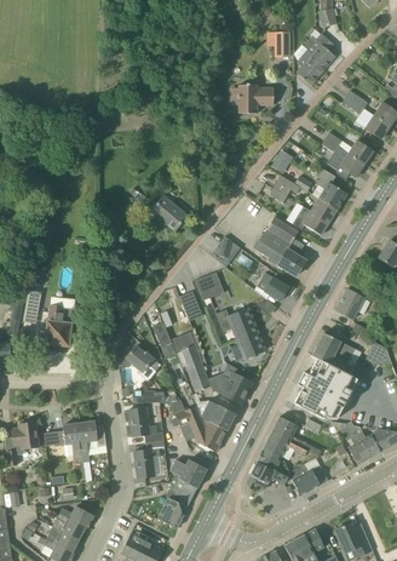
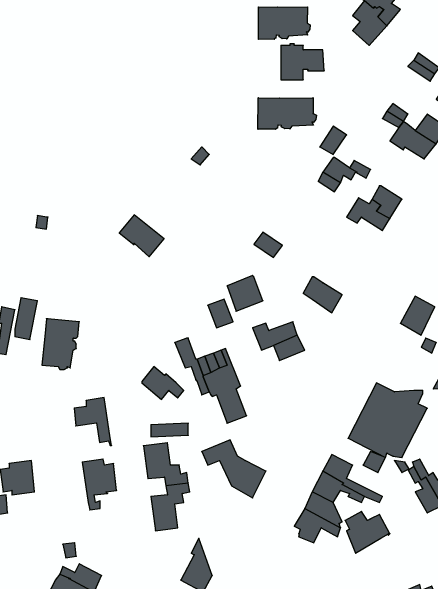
building: none -> [258,7,310,39]
building: none -> [258,98,316,129]
building: [317,168,346,210] -> none
building: [150,196,186,230] -> [119,215,164,257]
building: [253,217,305,276] -> none
building: [230,332,264,362] -> none
building: [311,332,355,366] -> none
building: [209,373,251,403] -> none
building: [195,400,235,430] -> none
building: [53,423,84,462] -> [74,398,112,445]
building: [169,459,207,515] -> none

